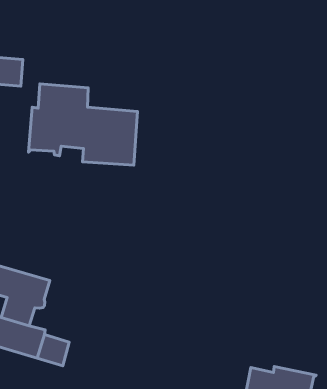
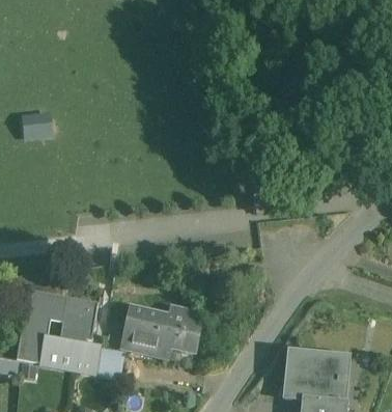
building: [29,84,138,165] -> none
building: none -> [121,307,203,356]

